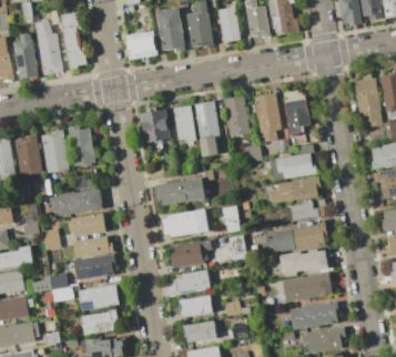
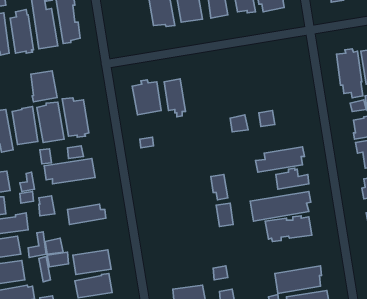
building: [125,30,156,59] -> none
building: [284,90,311,133] -> none
building: [255,93,282,141] -> none
building: [223,95,248,135] -> none
building: none -> [31,71,57,102]
building: [194,100,220,156] -> none
building: [268,143,316,180] -> none
building: [154,176,206,205] -> none
building: [162,208,209,237] -> none
building: [68,213,105,236] -> none
building: [170,239,212,267] -> none
building: [73,253,116,279] -> none
building: [175,269,210,292] -> none
building: [283,272,333,300] -> none
building: [179,294,213,317] -> none

